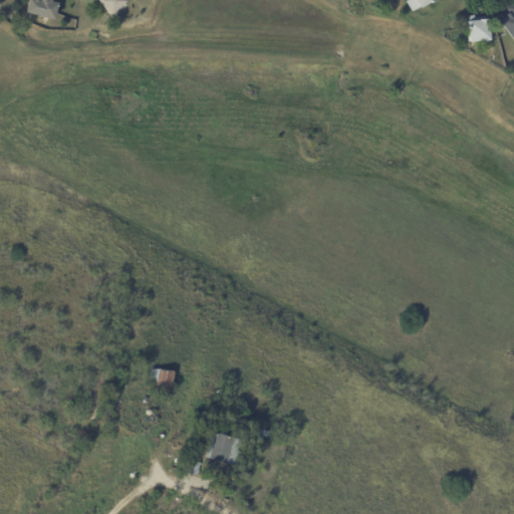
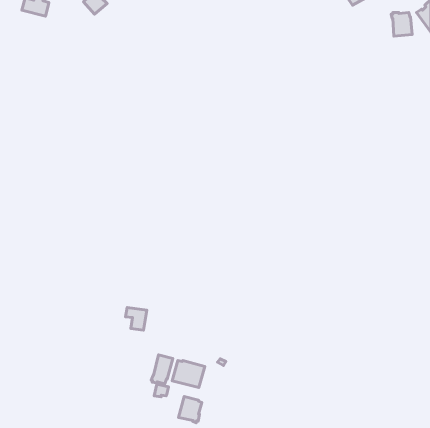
building: none -> [151,355,173,384]
building: none -> [178,396,202,423]

